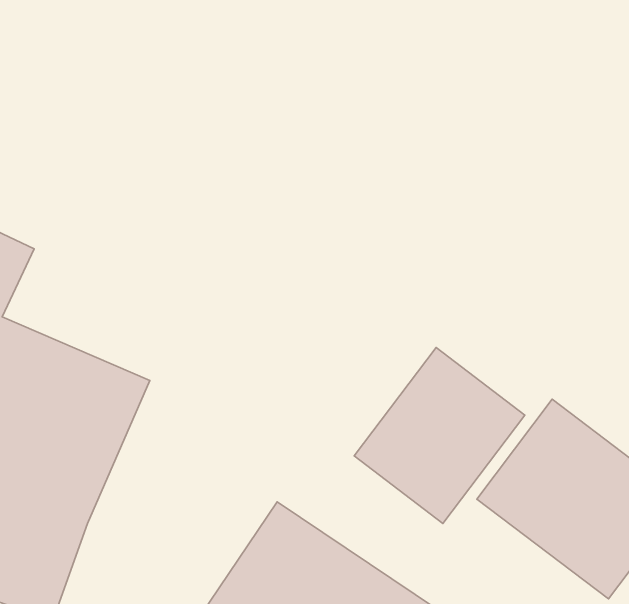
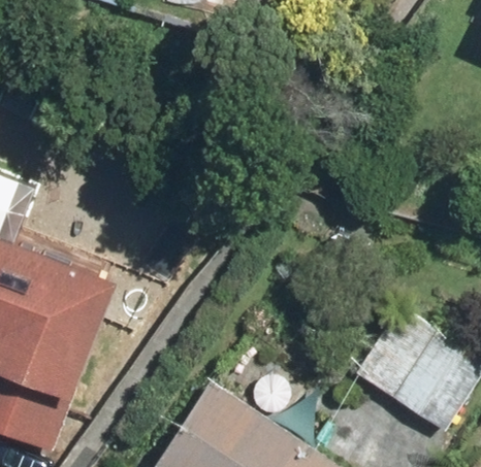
building: [354,348,525,523] -> none

